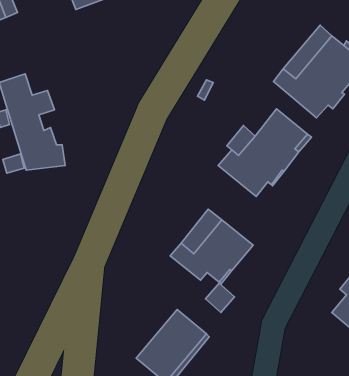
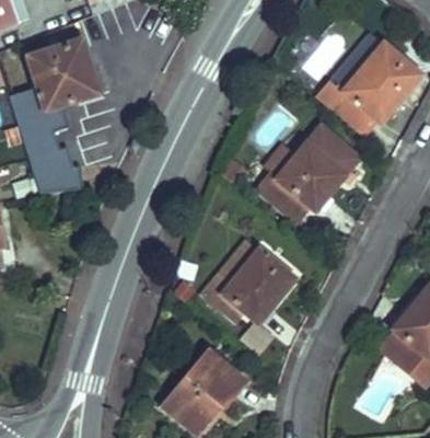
building: none -> [28,41,97,110]

